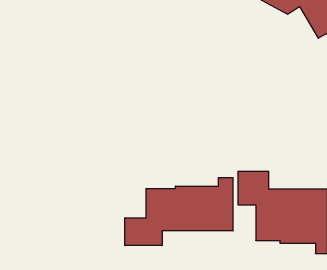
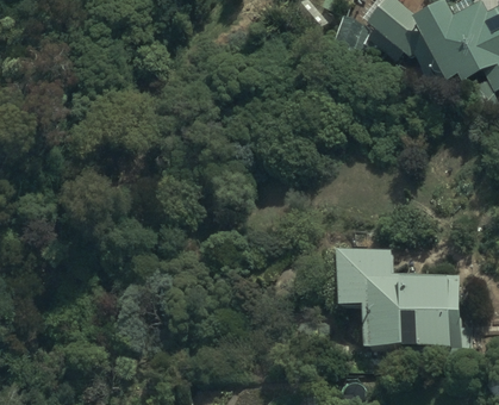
building: [125,178,233,246] -> none

